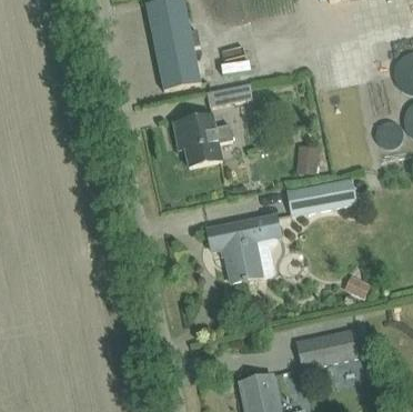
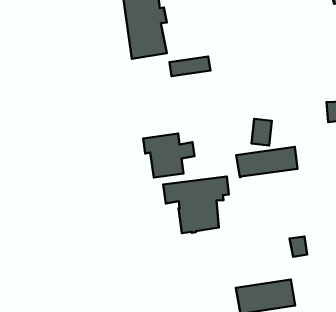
building: [173,114,232,165] -> [143,134,195,178]

